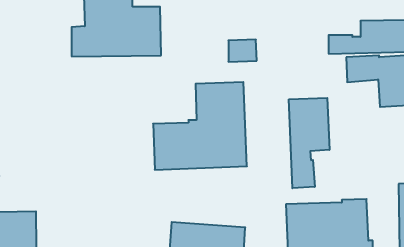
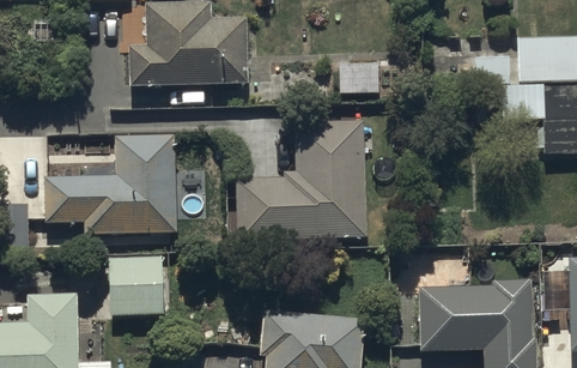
building: none -> [44,135,176,235]
building: [289,98,329,188] -> none
building: none -> [109,259,163,316]

